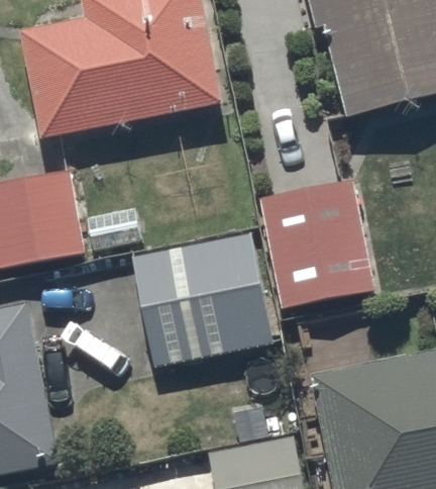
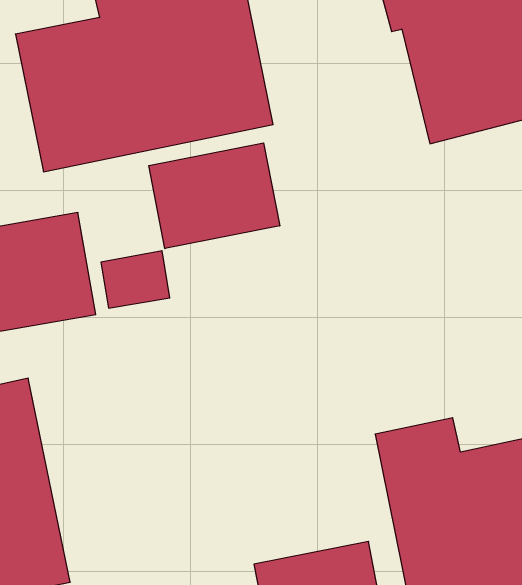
building: none -> [149,143,280,249]
building: [256,177,377,308] -> none
building: [129,230,275,368] -> none

